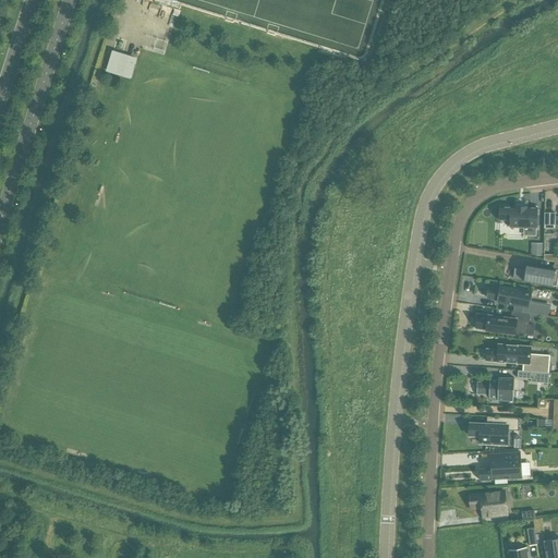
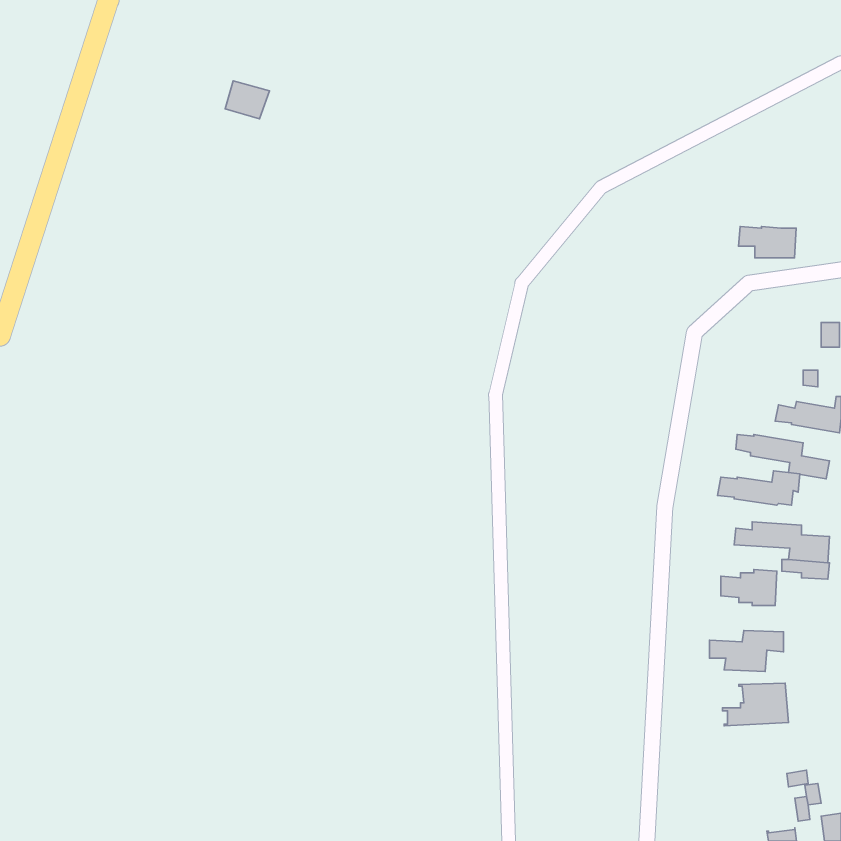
building: [107,52,136,77] -> [225,81,270,119]
building: [499,207,537,228] -> [738,226,796,258]
building: [469,492,507,518] -> none

